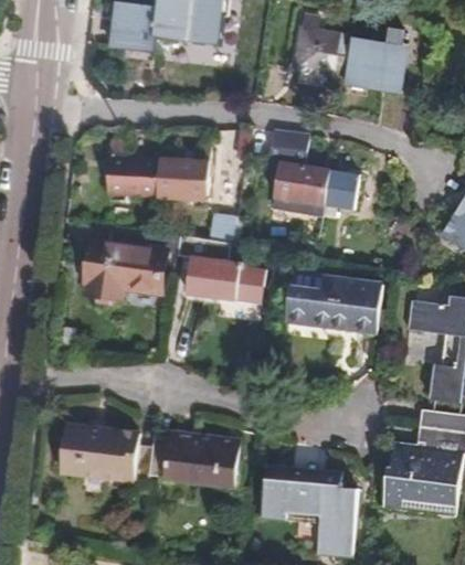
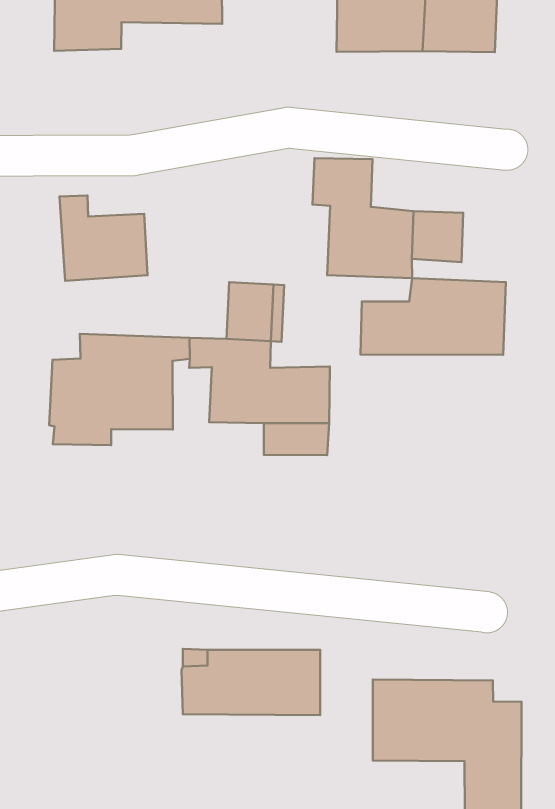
building: [157,147,207,200] -> none
building: [285,276,381,330] -> [360,278,506,355]
building: [61,425,151,481] -> none

